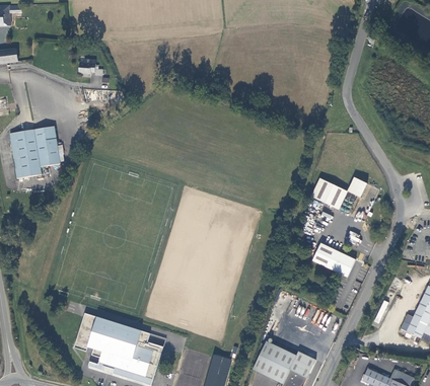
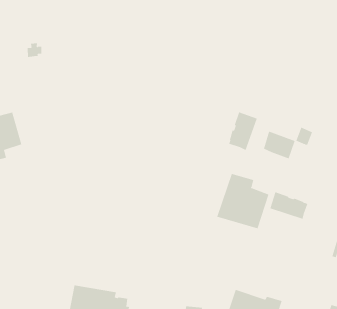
building: none -> [229,112,257,151]
building: none -> [217,173,269,229]

